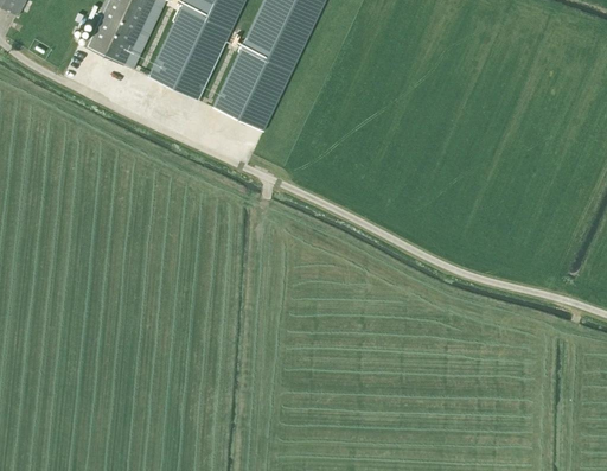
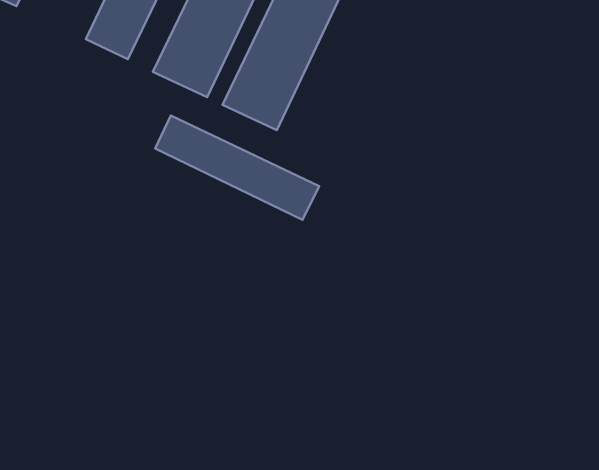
building: none -> [155,115,319,220]

